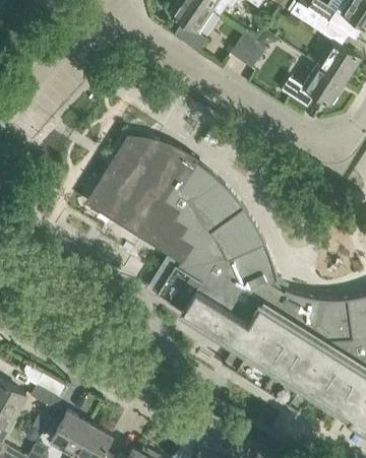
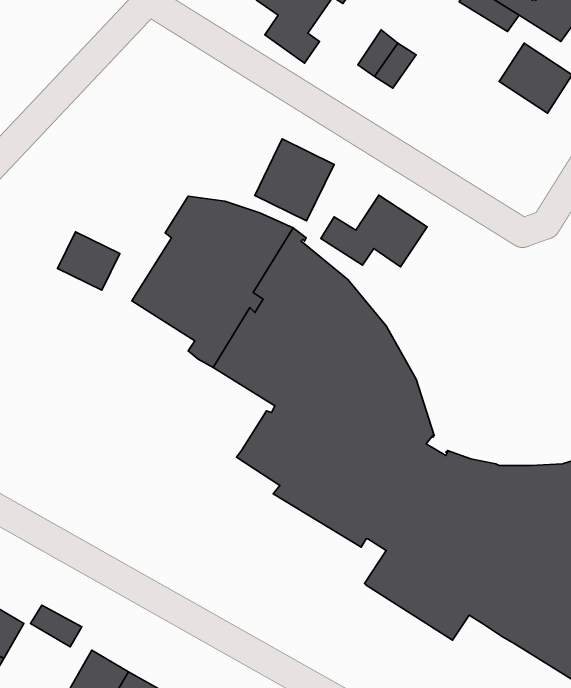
building: [281,64,346,108] -> [321,195,427,267]
building: none -> [255,139,334,221]
building: none -> [57,232,120,290]

